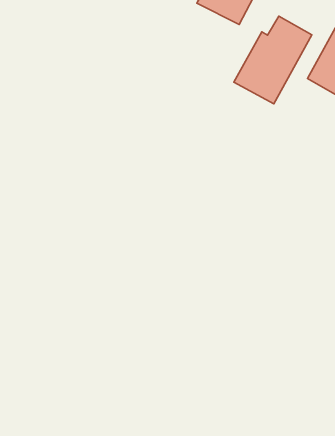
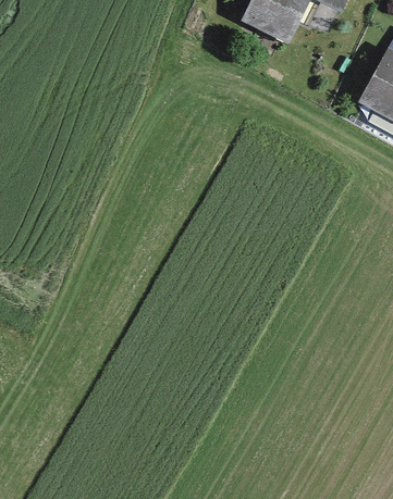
building: [234,16,312,104] -> none

